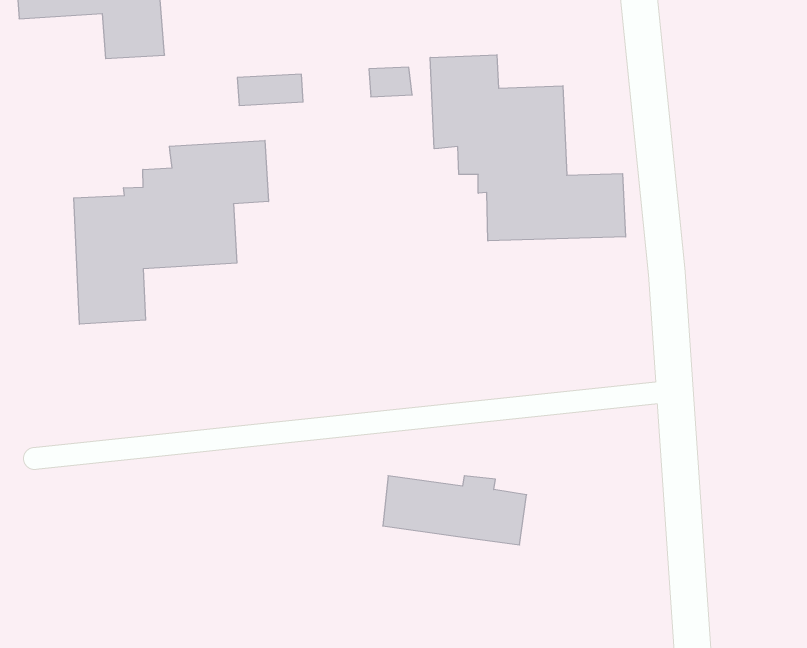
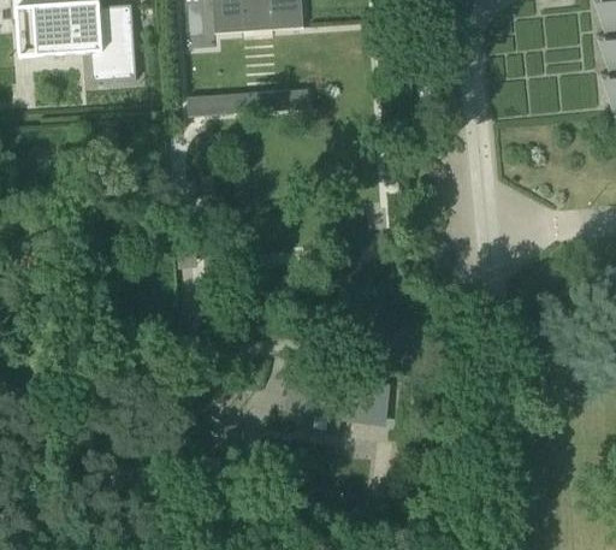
building: [430,55,626,241] -> none
building: [74,140,268,324] -> none

